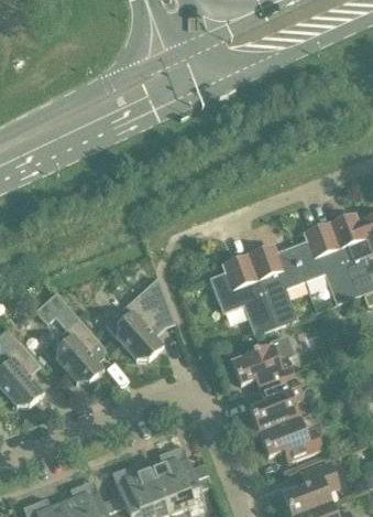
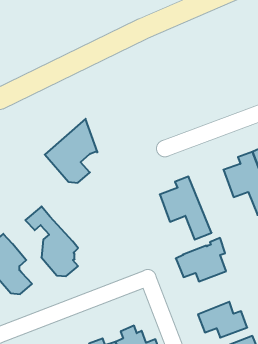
building: [248,246,306,327] -> none
building: [106,278,174,360] -> [45,119,98,183]
building: [250,377,304,433] -> none

